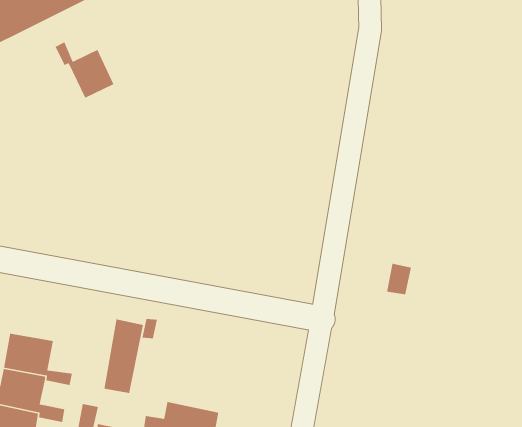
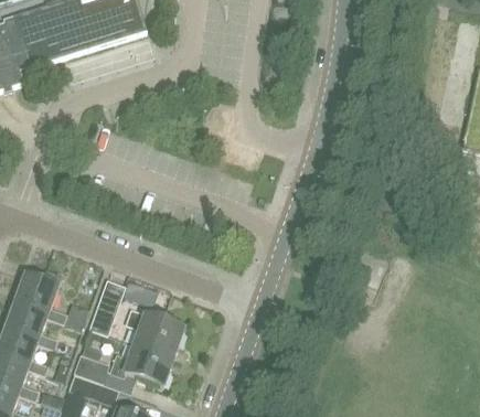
building: [54,41,114,99] -> none
building: none -> [125,306,182,357]

